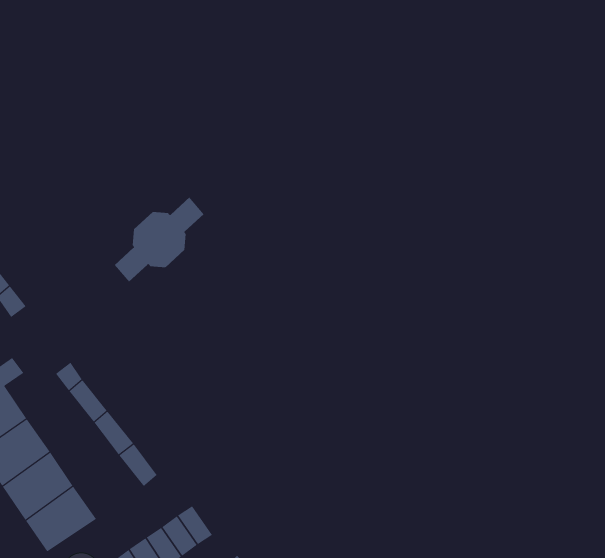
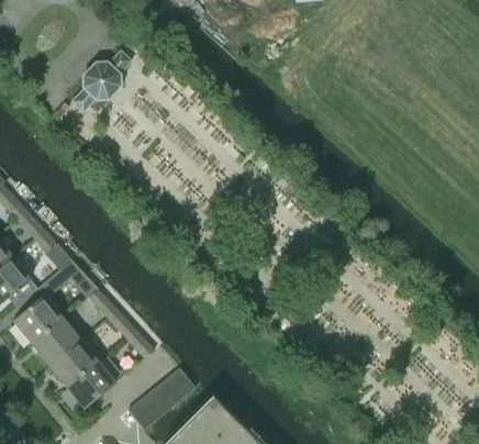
building: [114,197,204,283] -> [73,51,131,112]

